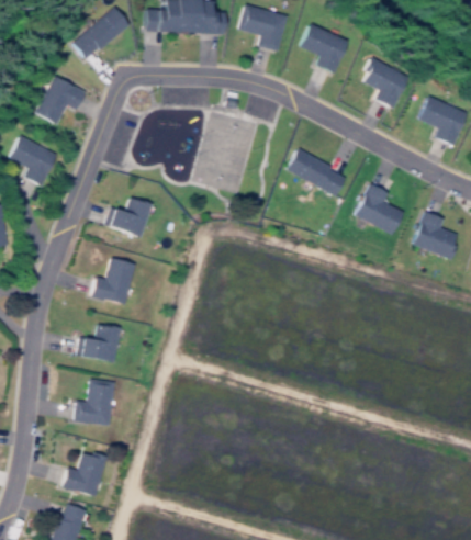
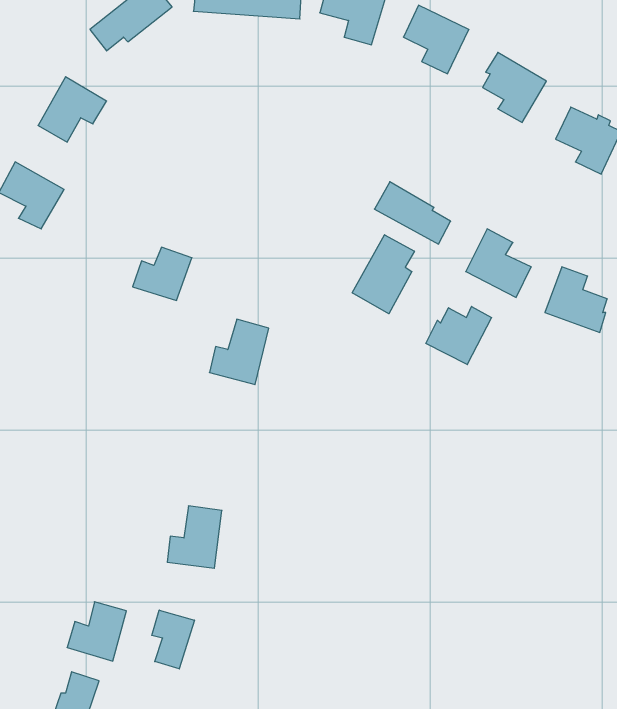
building: none -> [352,235,414,314]
building: none -> [426,306,492,365]
building: [92,257,135,304] -> [209,319,269,385]
building: [81,324,121,361] -> none
building: [75,379,114,424] -> [167,506,222,568]
building: none -> [152,610,194,669]

